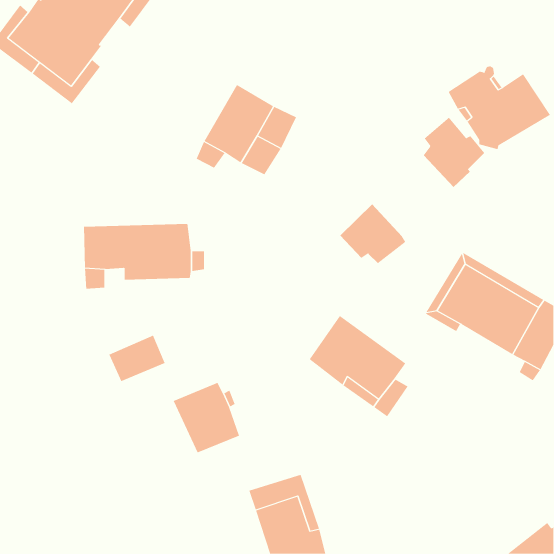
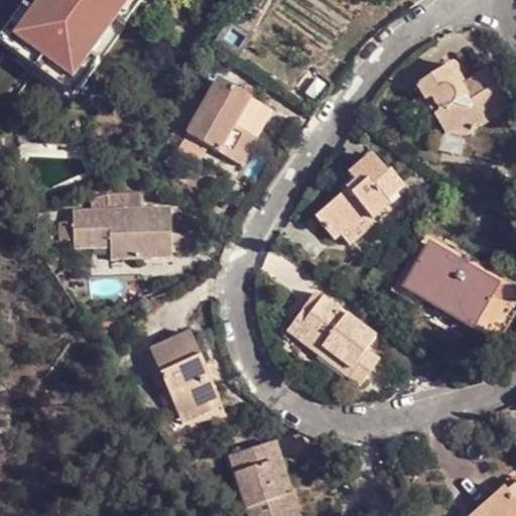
building: [423,117,485,188] -> [343,152,400,218]
building: [109,335,166,382] -> [148,326,201,369]

